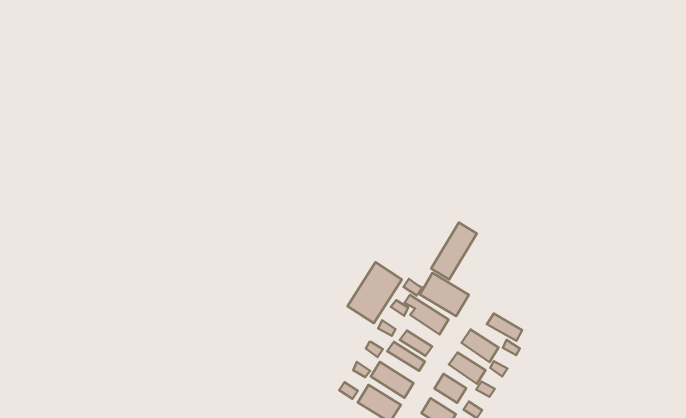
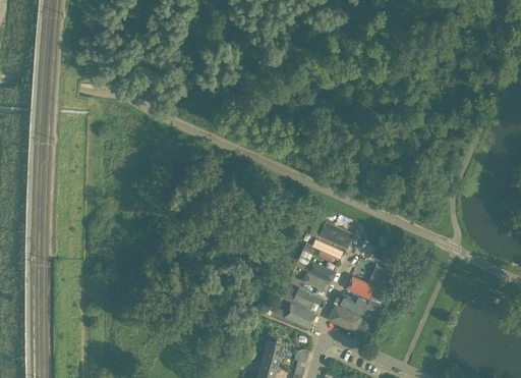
building: [431,222,477,280] -> none
building: [347,262,402,323] -> none

